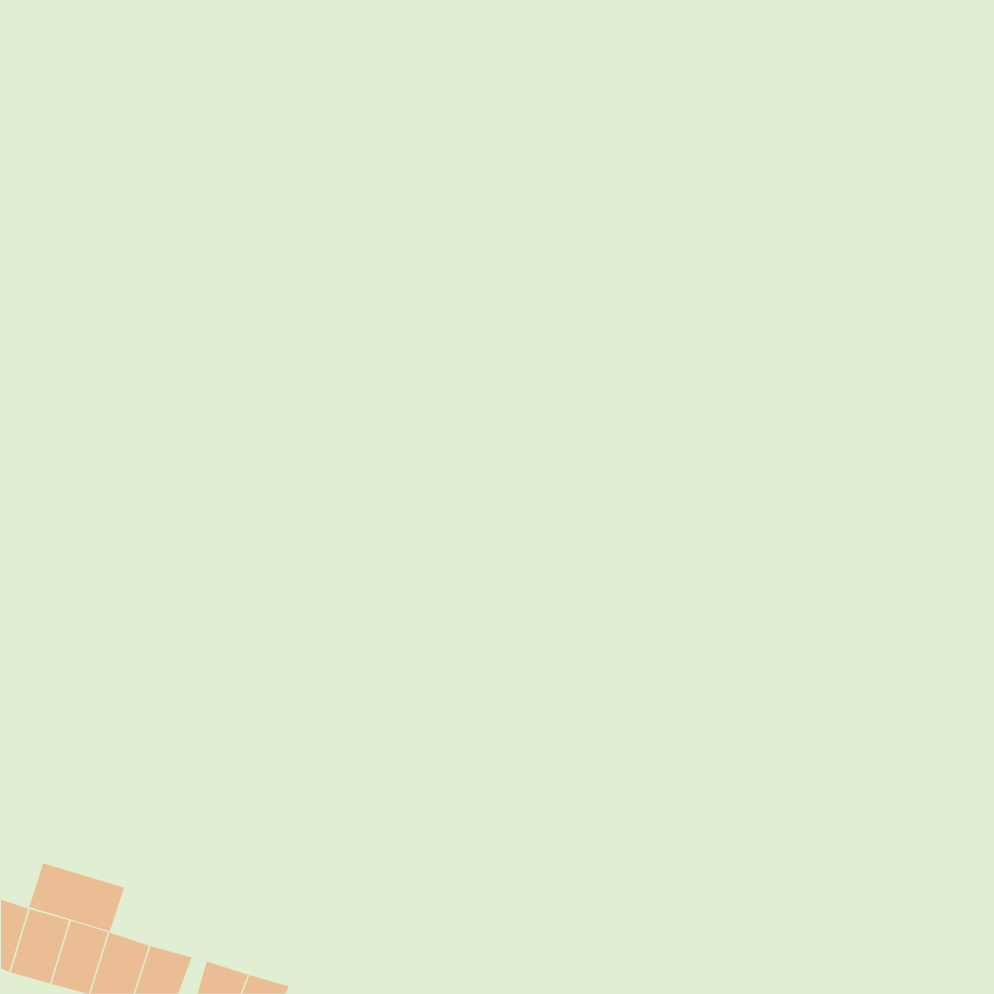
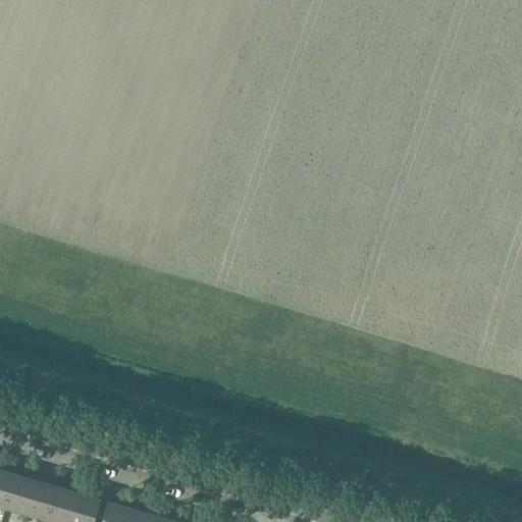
building: [28,862,125,932] -> none

